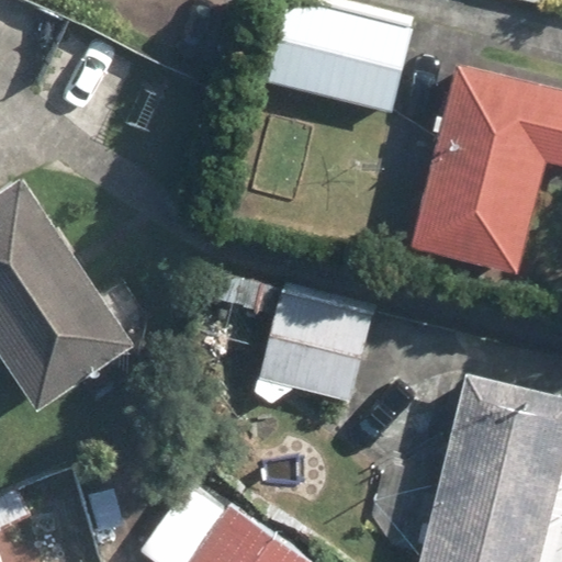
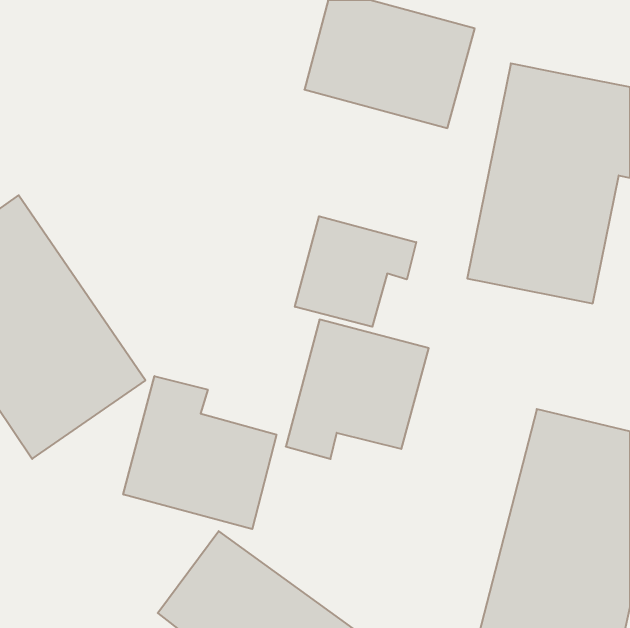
building: none -> [295,216,416,327]
building: none -> [123,376,276,529]

